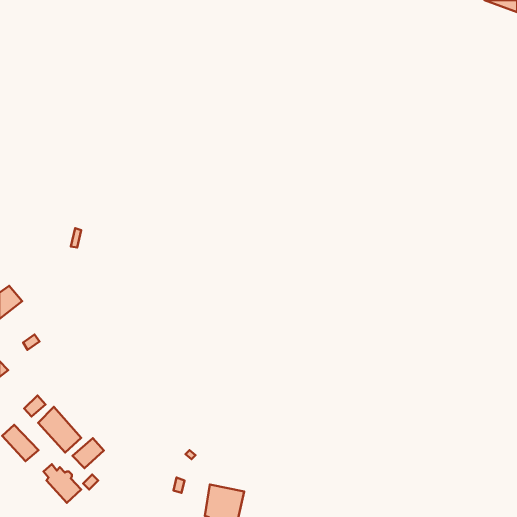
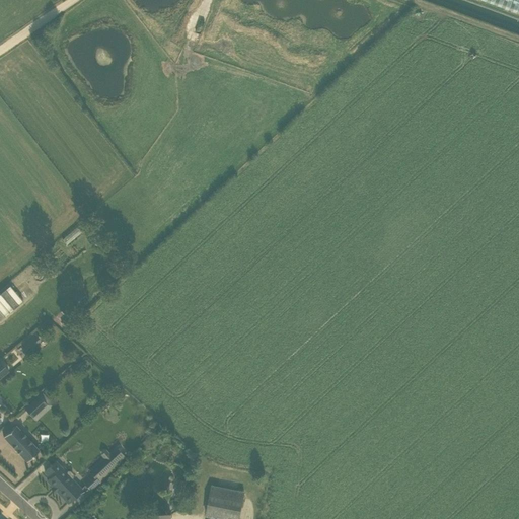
building: [38,407,81,452] -> none
building: [72,438,104,468] -> none

